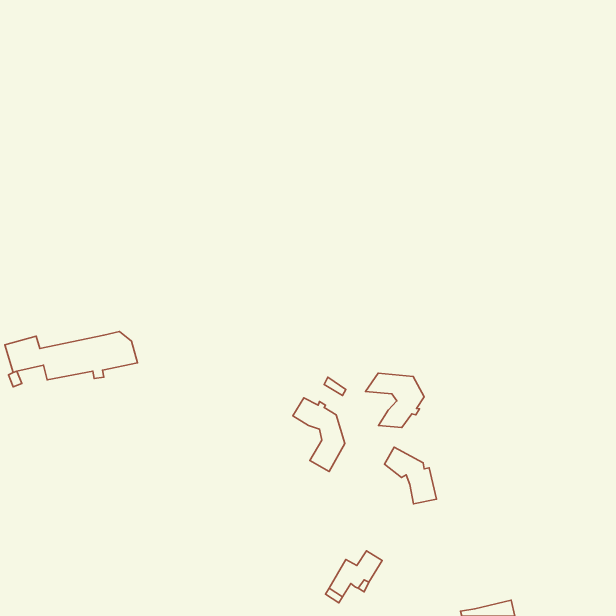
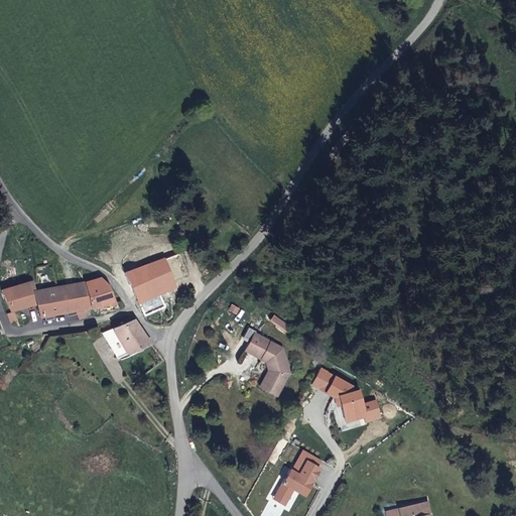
building: none -> [128,258,173,314]
building: [366,373,424,427] -> none
building: none -> [112,318,148,356]

